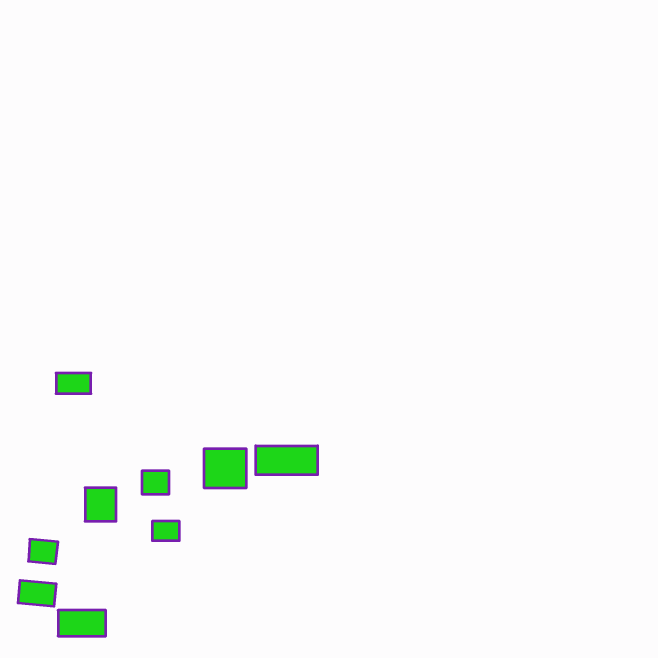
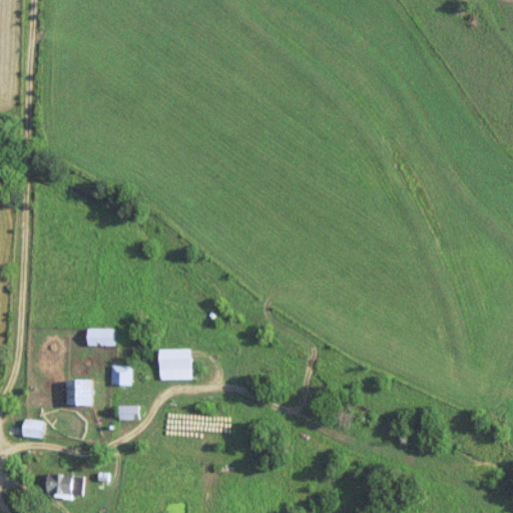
building: [56,373,91,394] -> [87,330,114,346]
building: [256,446,318,475] -> none
building: [18,580,56,606] -> none

